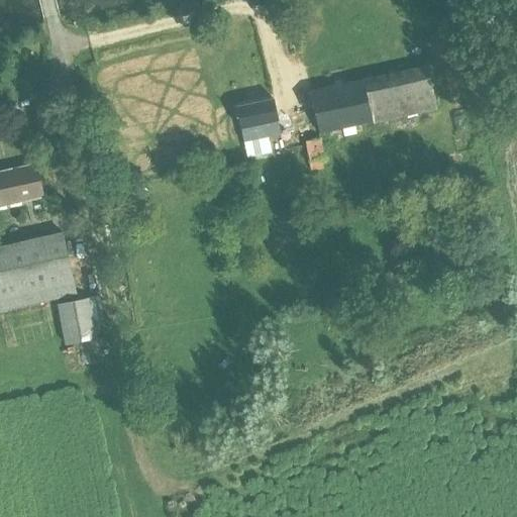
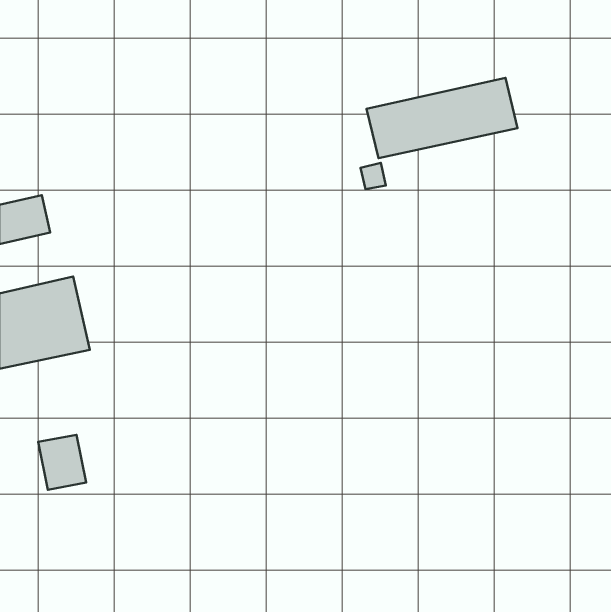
building: [236,100,280,159] -> none
building: [57,298,97,344] -> [38,435,86,490]

